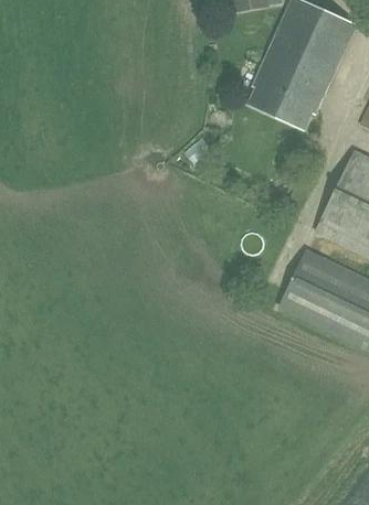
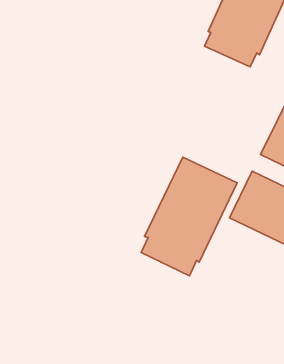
building: none -> [141,157,237,276]

